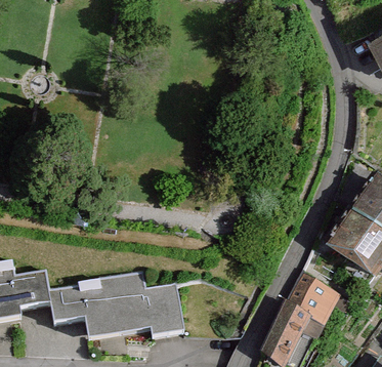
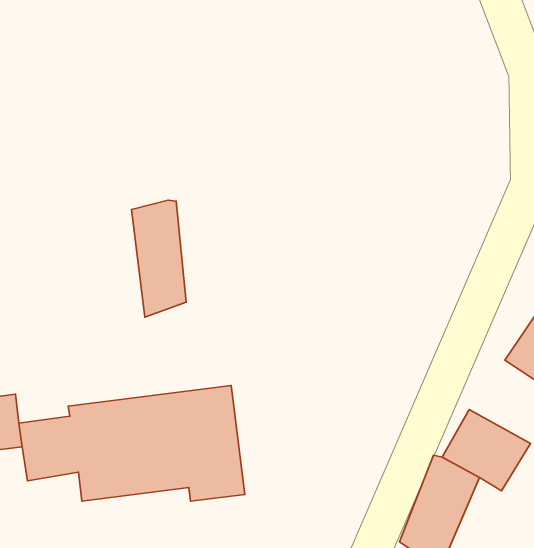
building: none -> [131,200,186,317]

